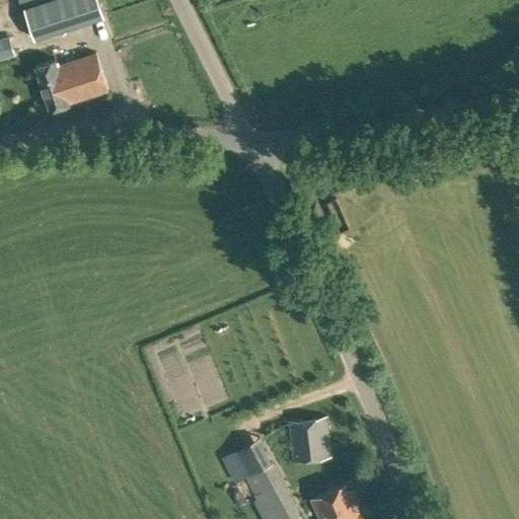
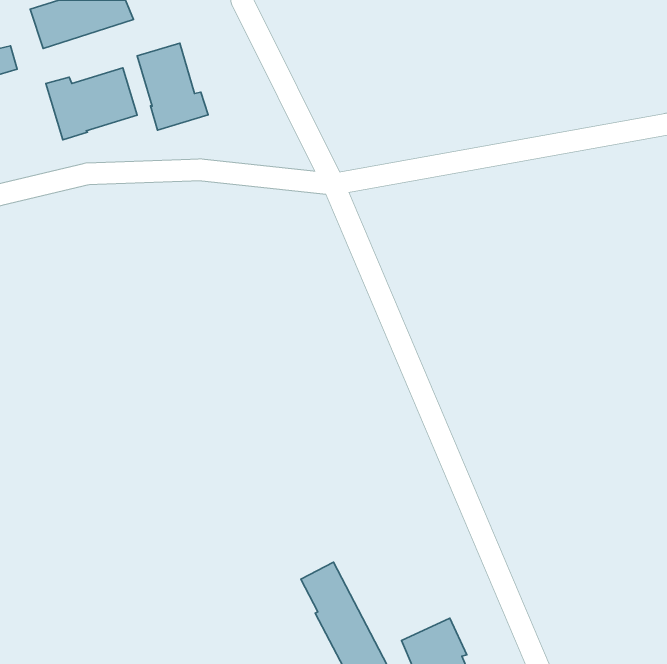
building: none -> [137,43,208,130]
building: [288,419,330,463] -> none

